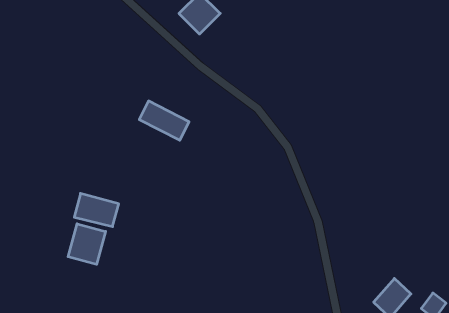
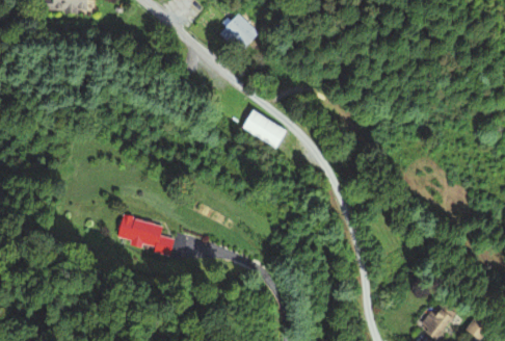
building: [139,101,189,140] -> [241,110,291,150]
building: [68,224,106,264] -> none

